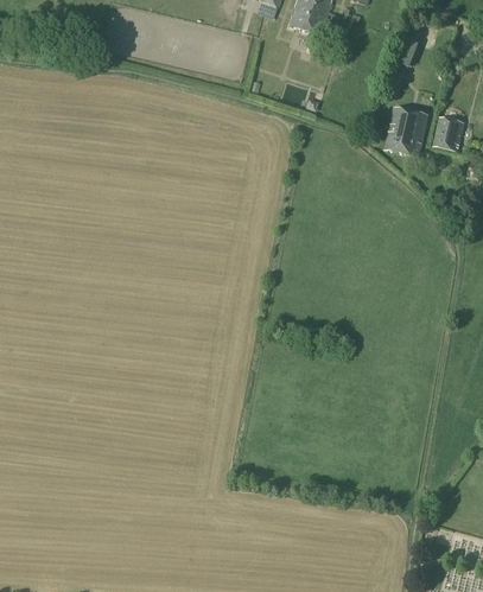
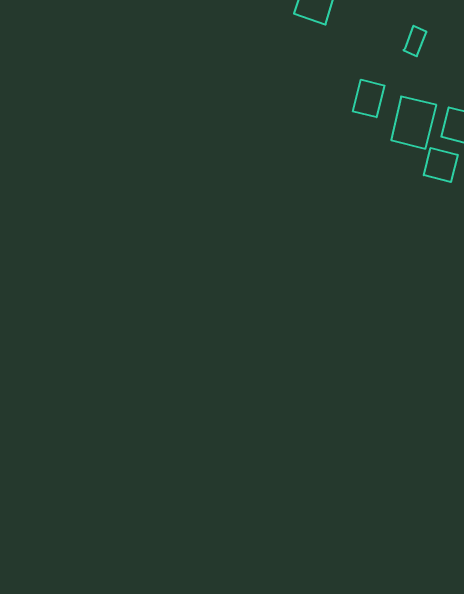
building: none -> [353,80,385,117]
building: none -> [424,148,458,182]

